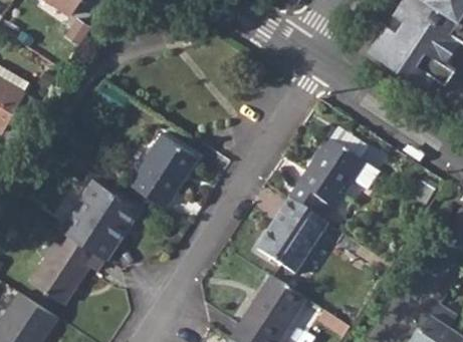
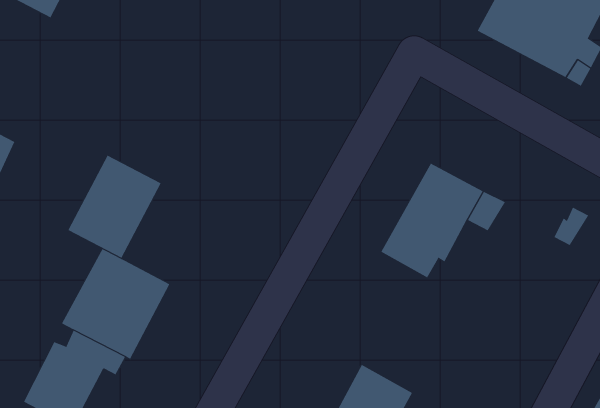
building: [133,134,201,208] -> [67,155,161,259]
building: [256,199,326,274] -> none

